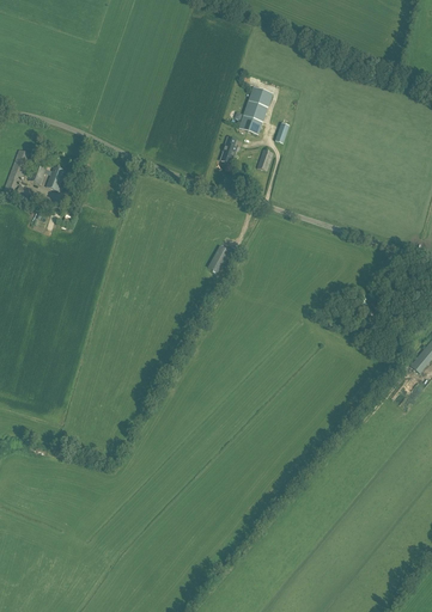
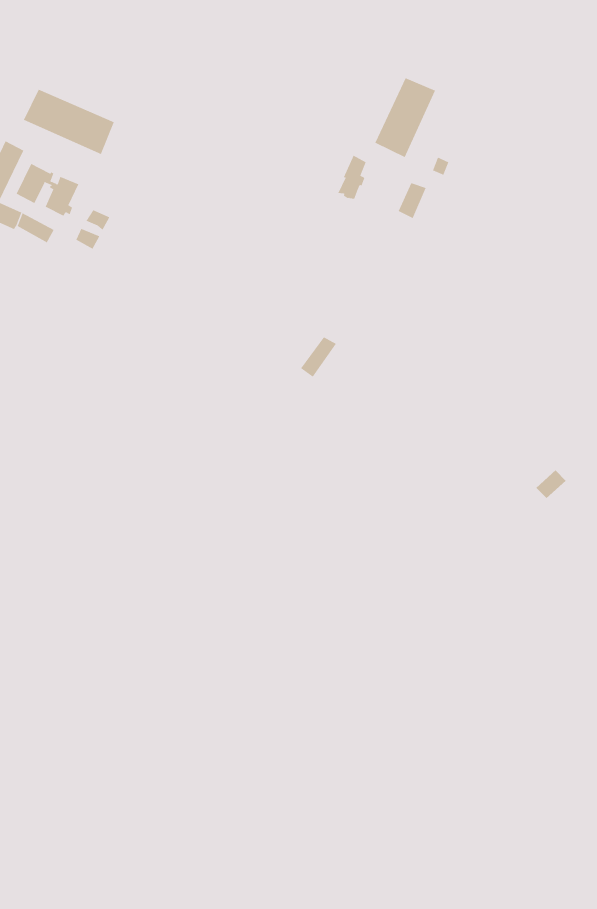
building: none -> [23,89,115,155]

